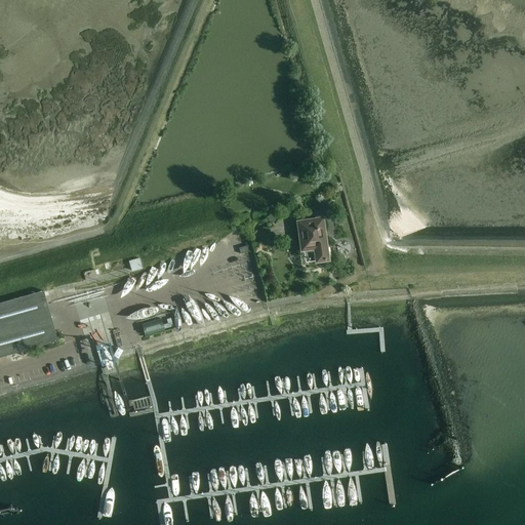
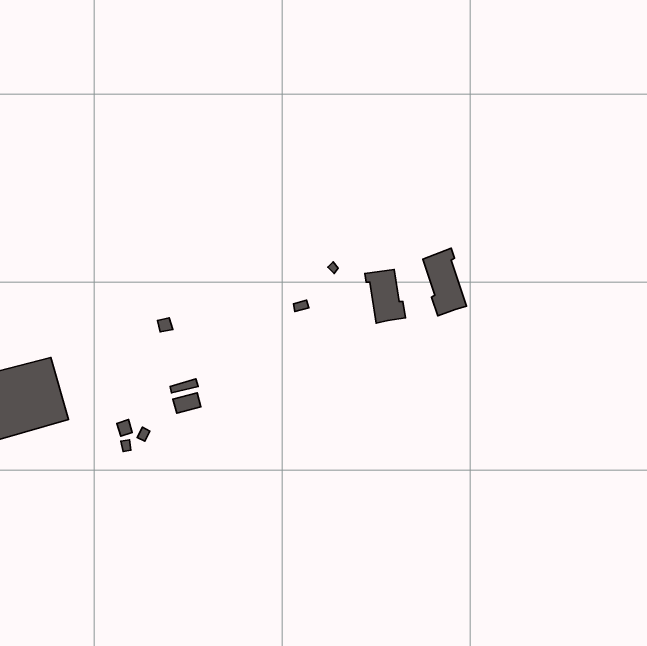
building: none -> [423,248,467,316]

